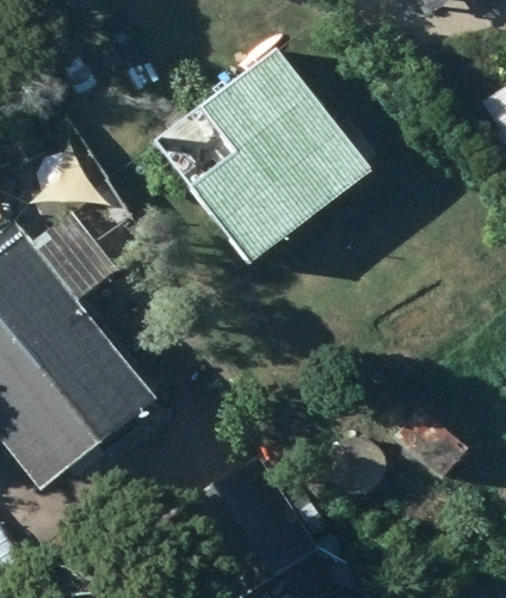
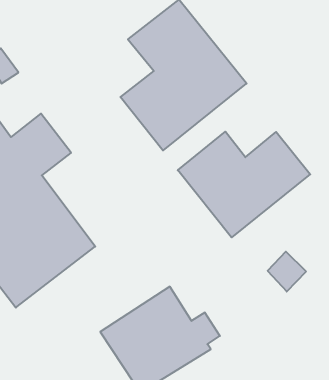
building: none -> [178,132,310,237]

